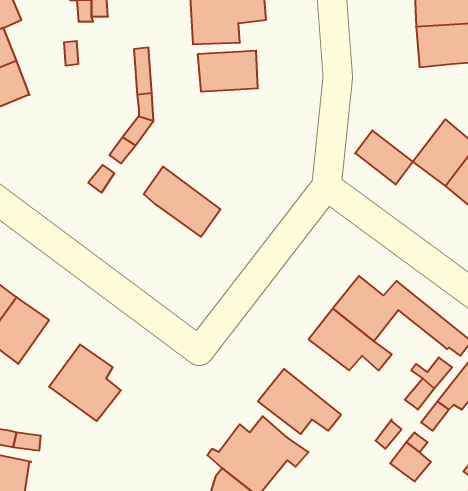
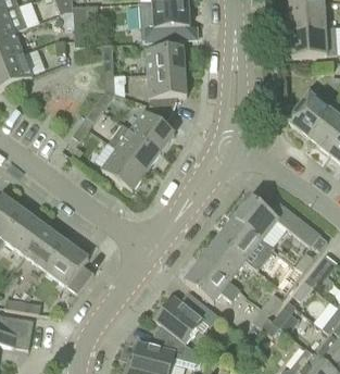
building: none -> [147,72,187,113]
building: [355,130,413,185] -> none
building: none -> [122,110,175,152]
building: none -> [101,149,147,190]
building: none -> [25,226,66,271]
building: none -> [202,239,245,280]

